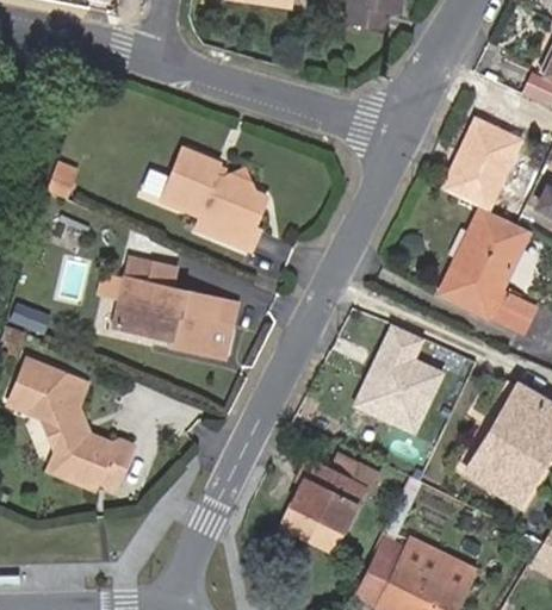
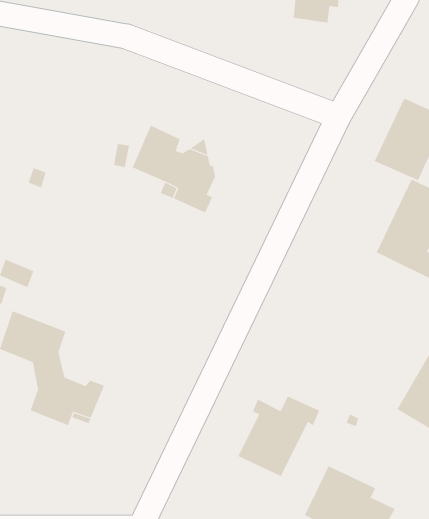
building: [111,251,230,359] -> none
building: [352,322,444,435] -> none

